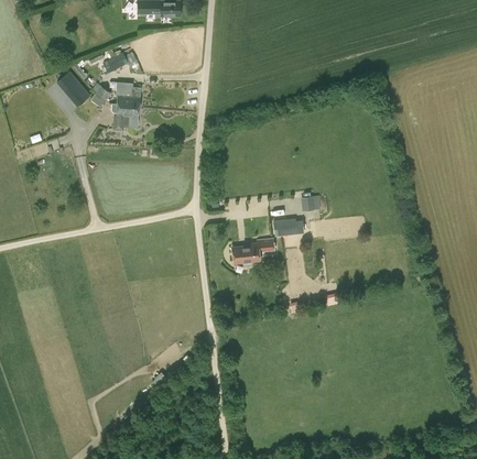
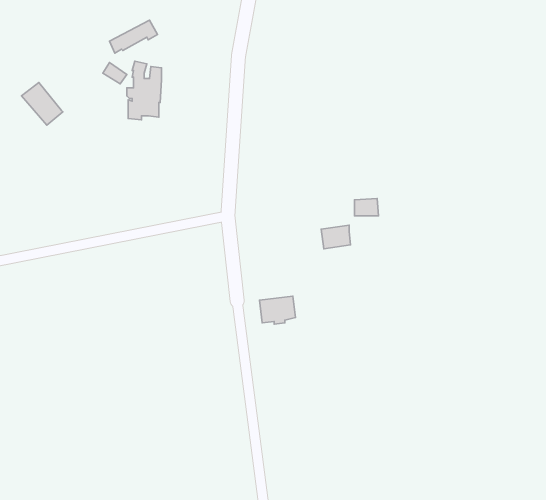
building: [55,72,89,107] -> [22,83,63,125]
building: [230,243,260,266] -> [259,296,295,324]

